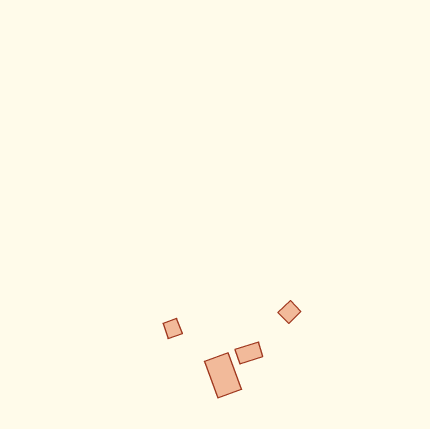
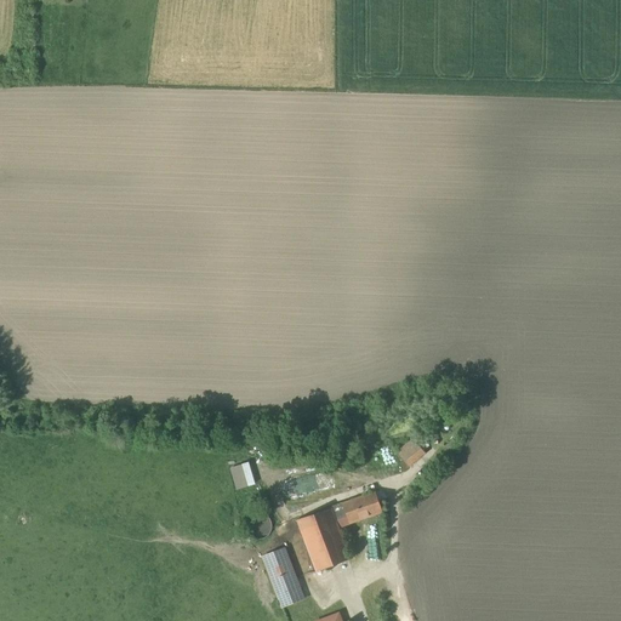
building: none -> [262,547,303,605]

